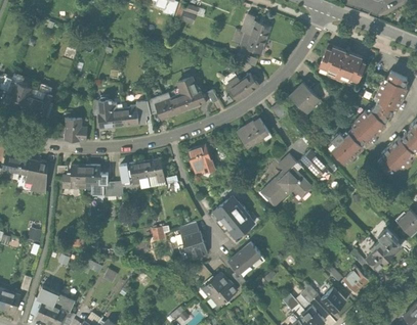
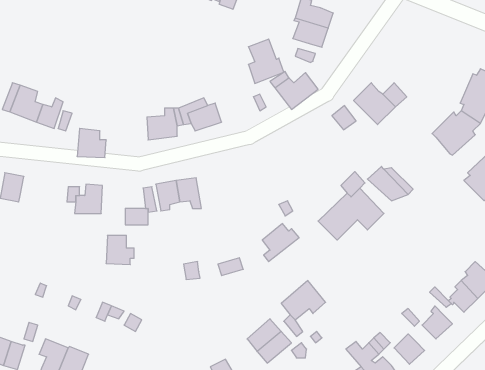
building: [319,46,367,85] -> none
building: [176,79,205,114] -> [248,39,284,83]
building: [96,102,122,131] -> none
building: [238,120,273,148] -> none
building: [331,127,366,165] -> none
building: [189,146,215,179] -> none
building: [18,158,49,193] -> none
building: [84,166,107,189] -> [106,235,134,265]
building: [219,207,252,236] -> none
building: [181,233,206,261] -> none

